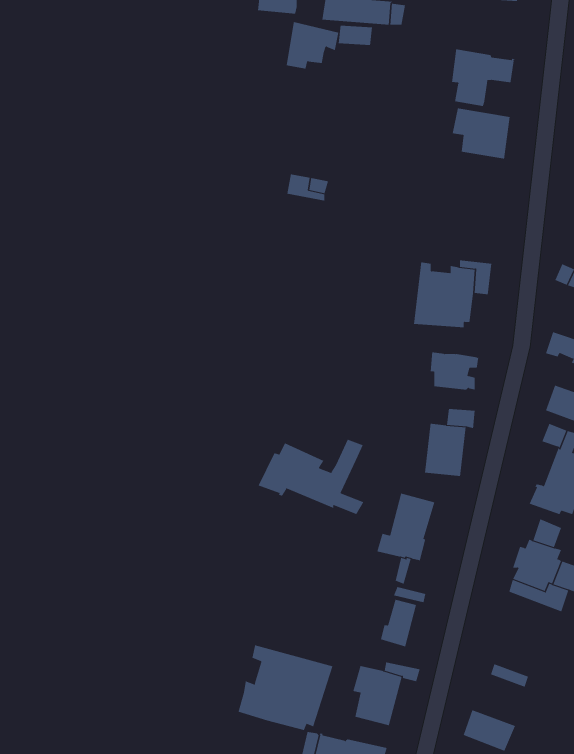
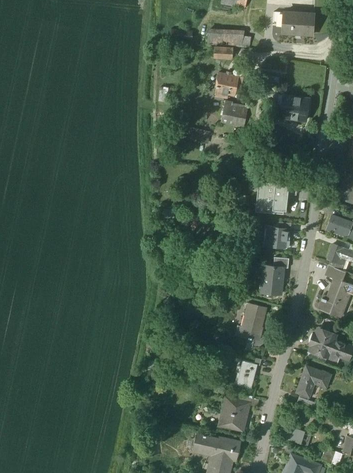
building: [286,21,339,69] -> [214,73,243,99]
building: [451,48,516,107] -> none
building: none -> [221,103,248,128]
building: [258,439,364,515] -> none
building: none -> [296,365,331,396]
building: [238,645,333,731] -> none

